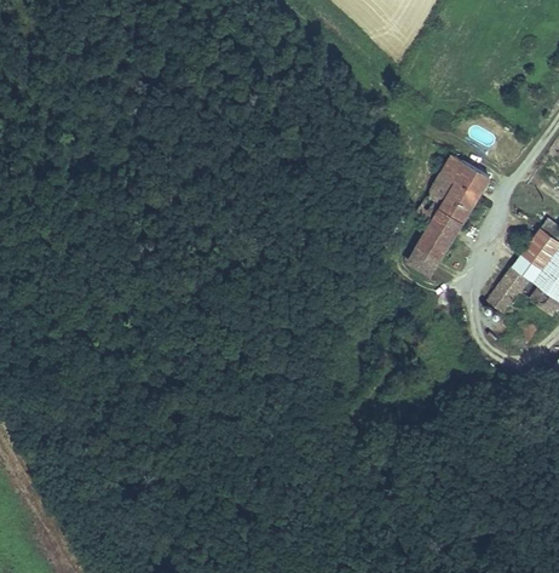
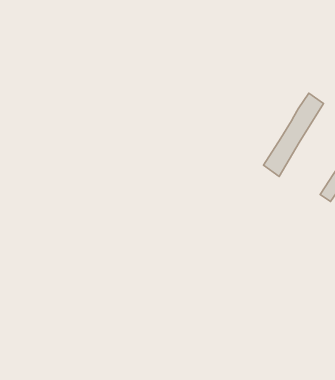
building: [414,153,469,227] -> none

